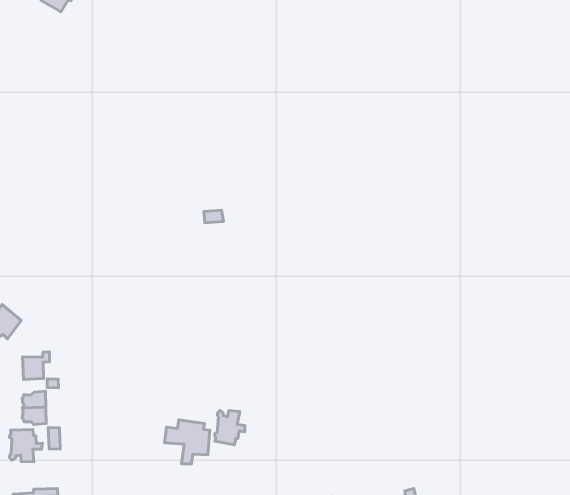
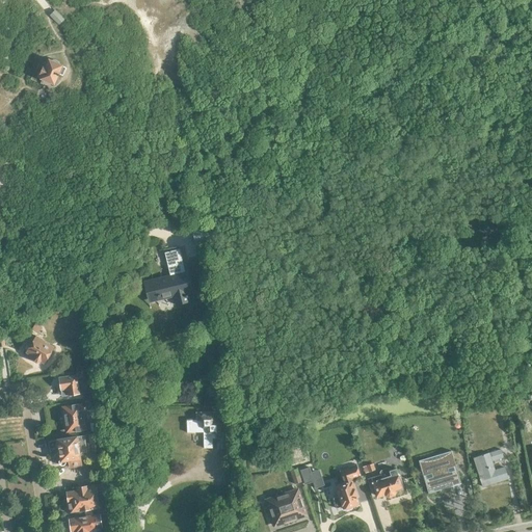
building: none -> [145,248,188,304]
building: [215,410,245,445] -> none

